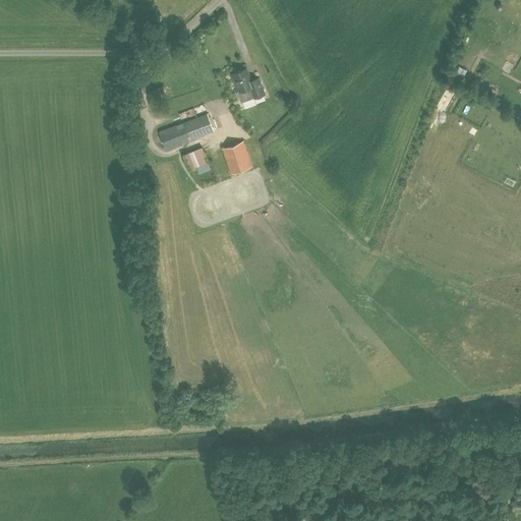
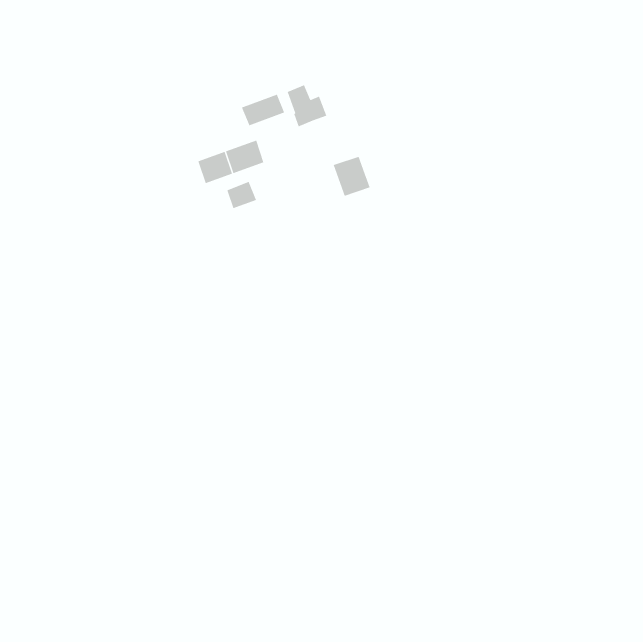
building: none -> [241,94,285,126]
building: [222,141,252,174] -> [333,156,371,196]

